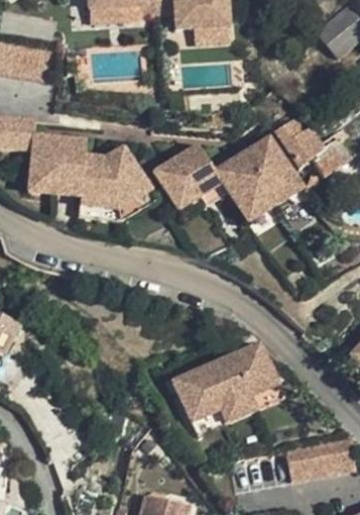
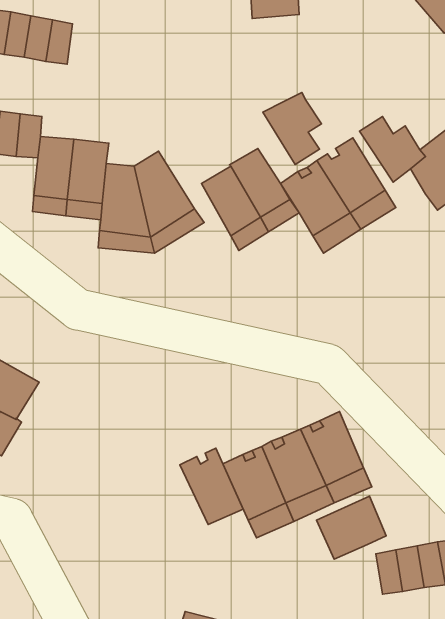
building: none -> [263,92,321,165]
building: none -> [180,448,243,525]
building: none -> [316,496,386,559]

